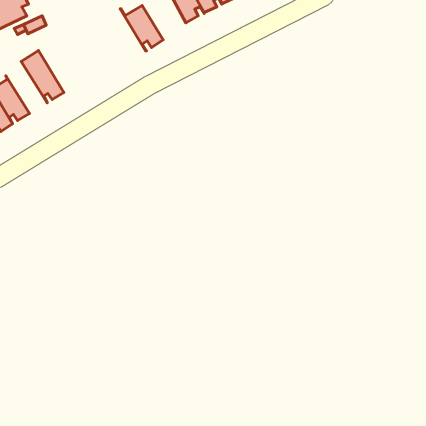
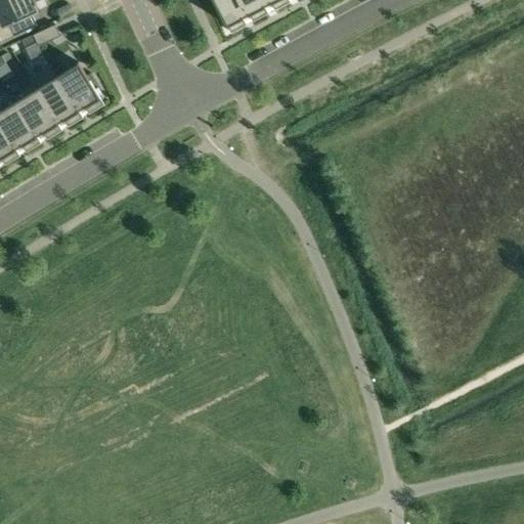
building: [120,5,163,51] -> [47,57,99,113]
building: none -> [7,75,57,138]

